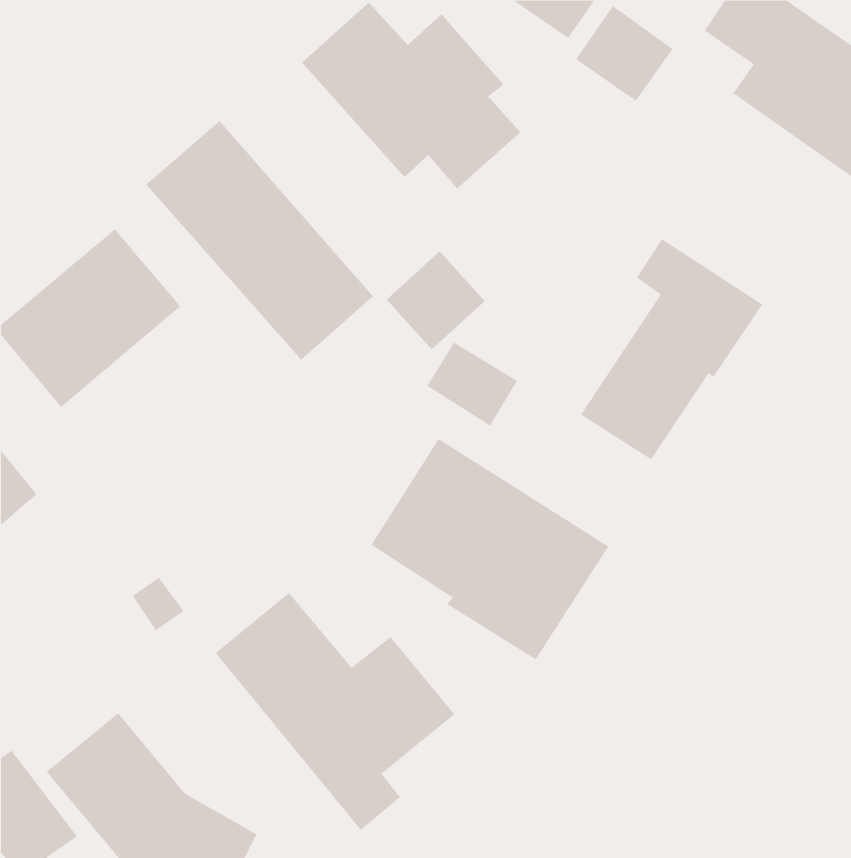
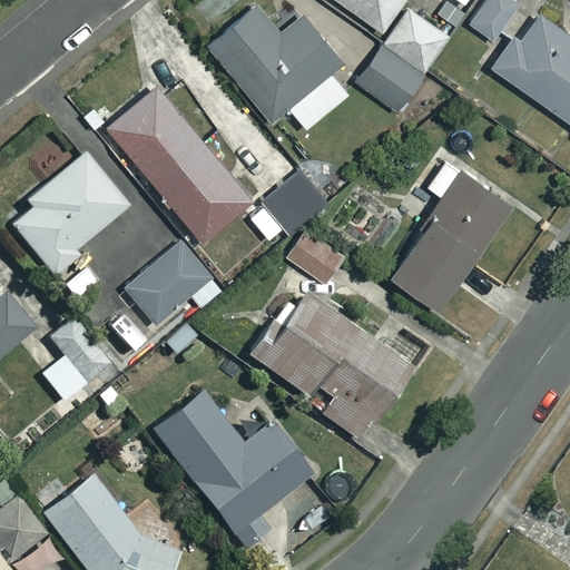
building: none -> [358,46,425,111]
building: none -> [126,239,227,324]
building: none -> [45,322,110,402]

